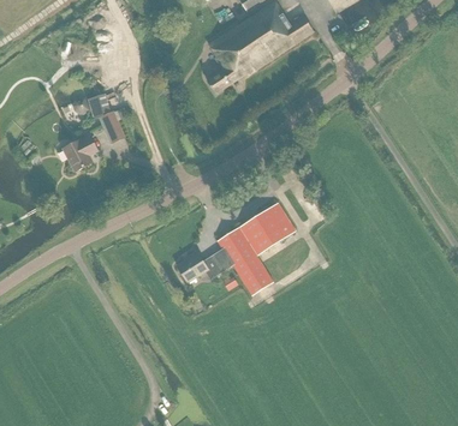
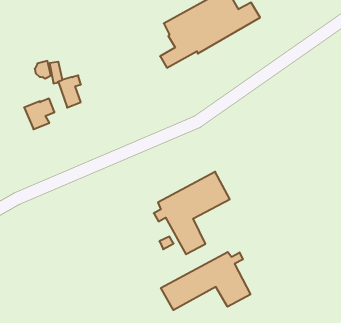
building: [177,252,222,283] -> none
building: none -> [161,252,250,310]

